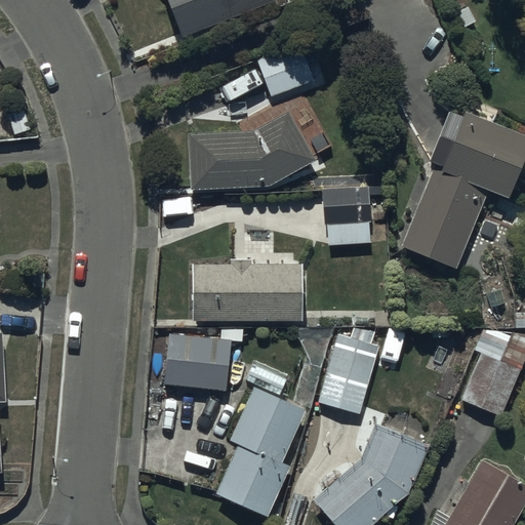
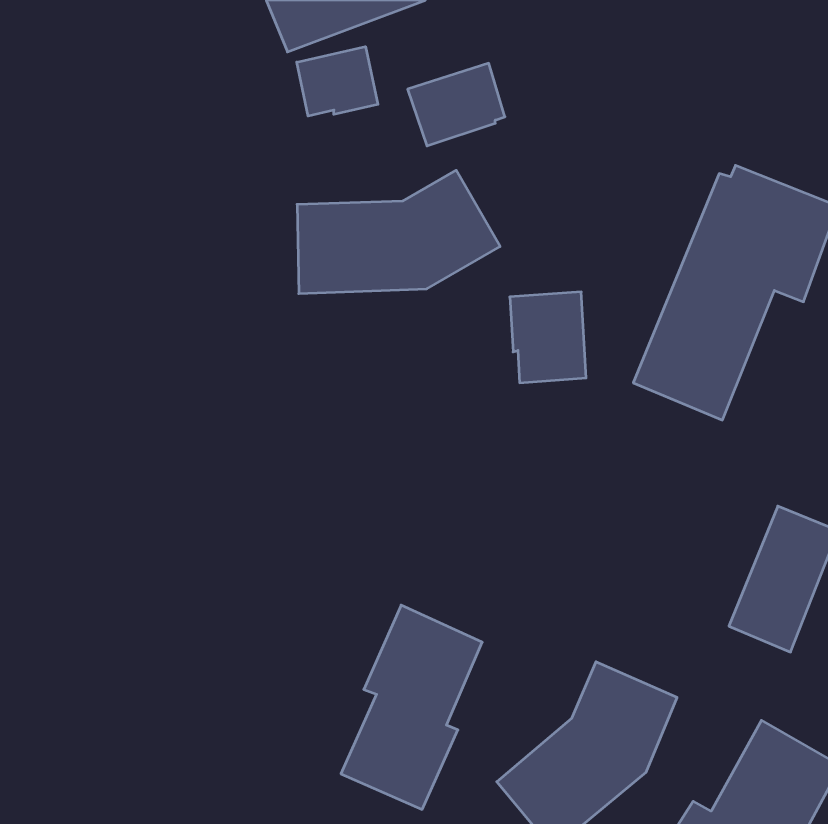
building: none -> [297,47,378,116]
building: [192,256,302,321] -> none
building: [319,328,379,414] -> none
building: [165,333,231,390] -> none

